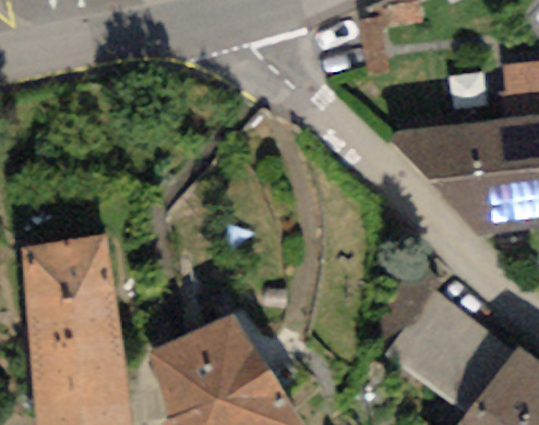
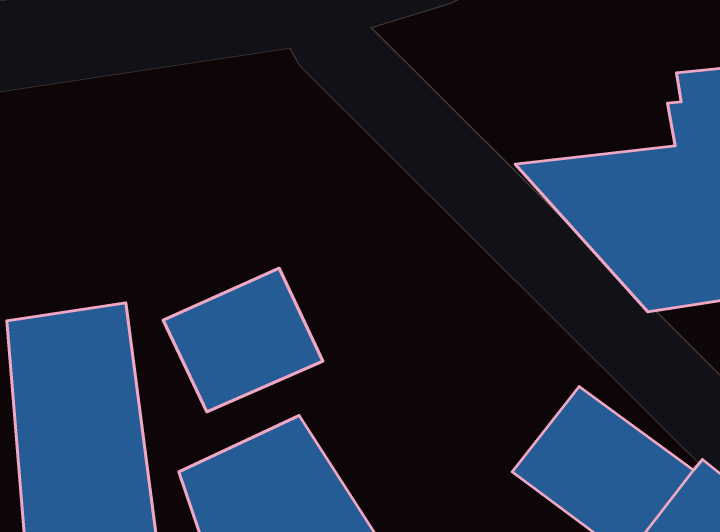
building: none -> [163,268,323,412]

